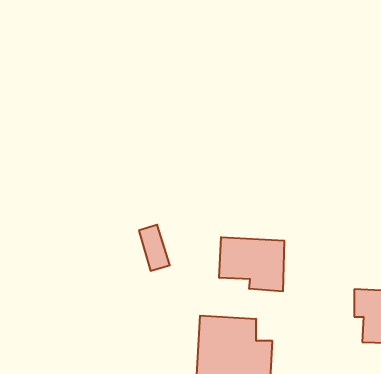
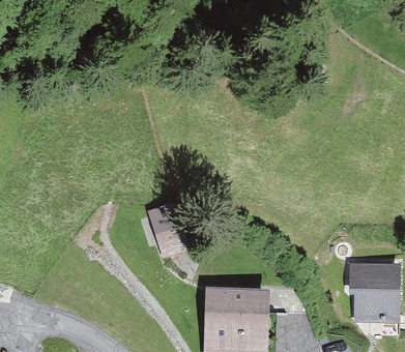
building: [219,237,284,291] -> none

